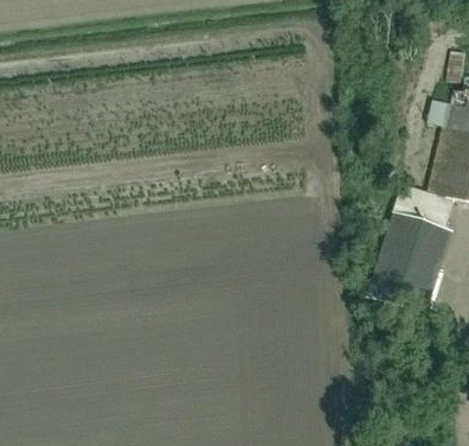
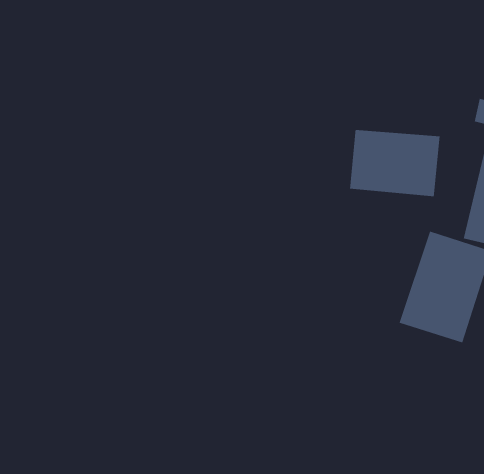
building: none -> [349,129,440,197]

